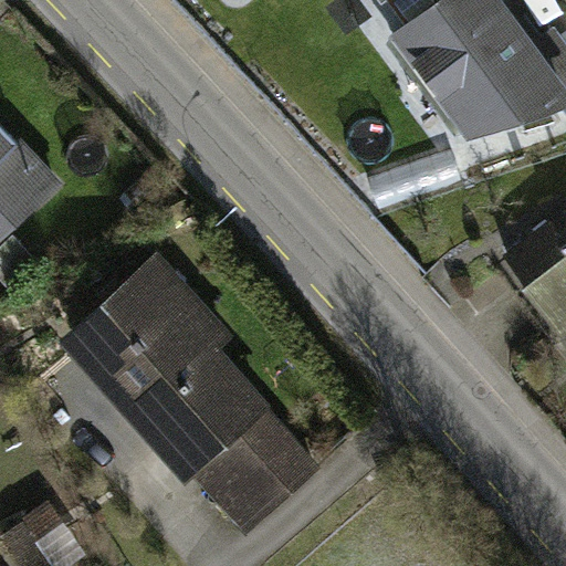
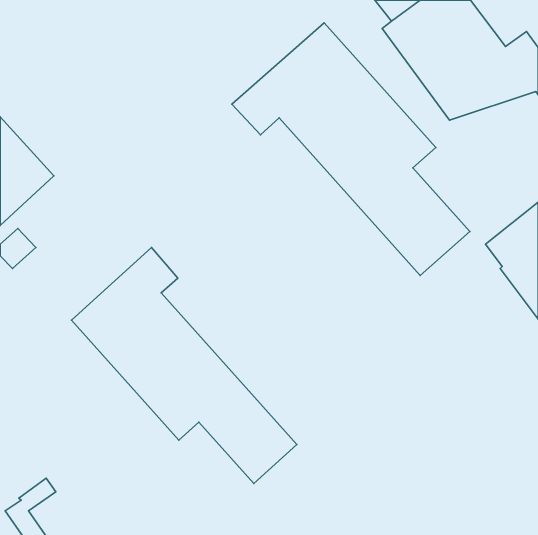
building: none -> [232,23,470,275]

